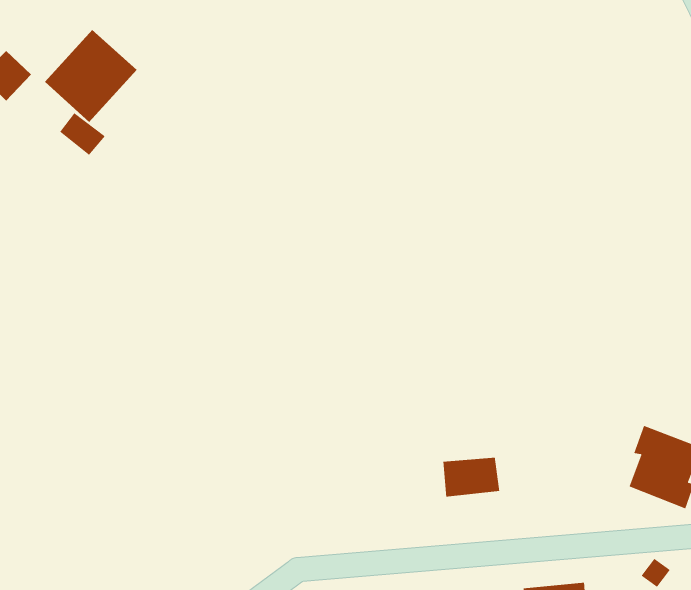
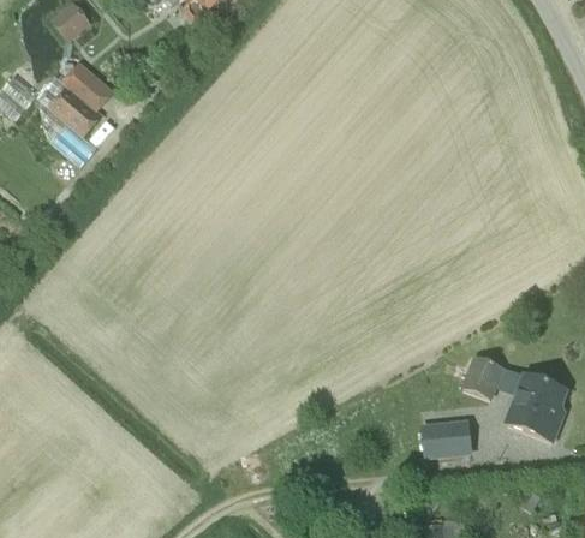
building: none -> [464,357,503,399]
building: [443,457,500,497] -> [424,424,470,456]

